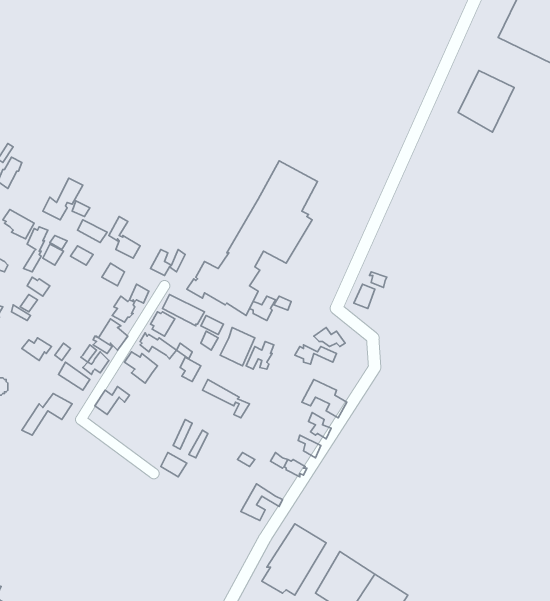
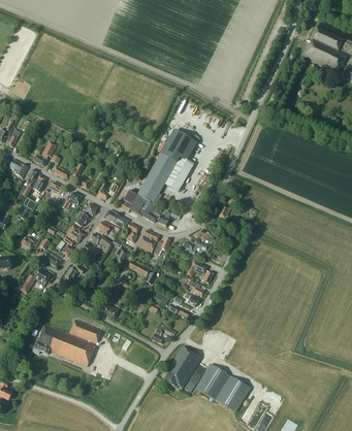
building: [458,70,514,132] -> none
building: none -> [32,320,101,366]

